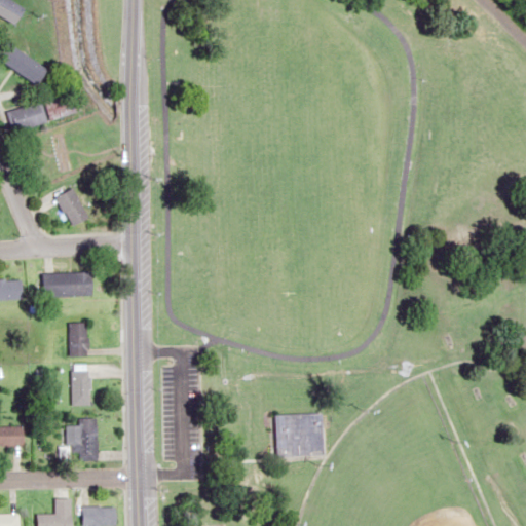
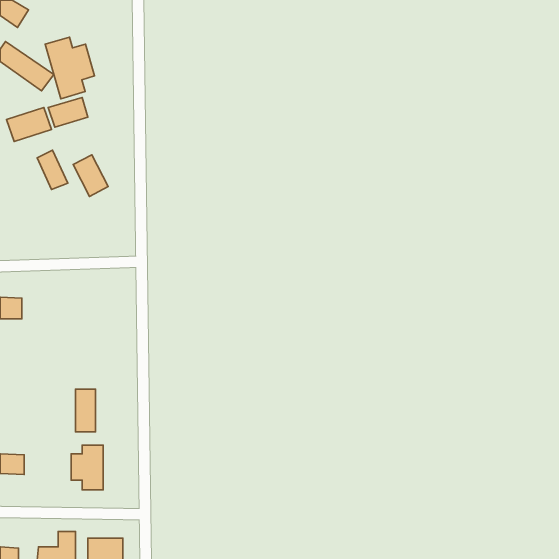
building: none -> [45,37,95,99]
building: [58,189,90,228] -> [73,155,108,196]
building: [43,273,93,296] -> none
building: [69,324,88,356] -> none
building: [275,414,318,453] -> none

